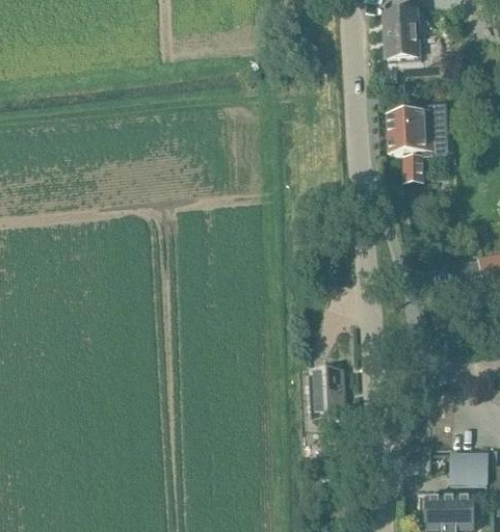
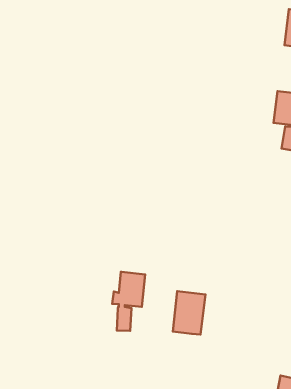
building: none -> [112,272,145,331]

